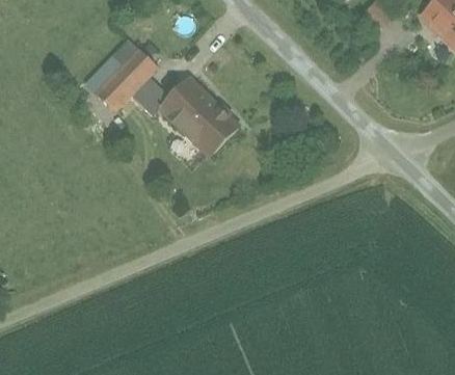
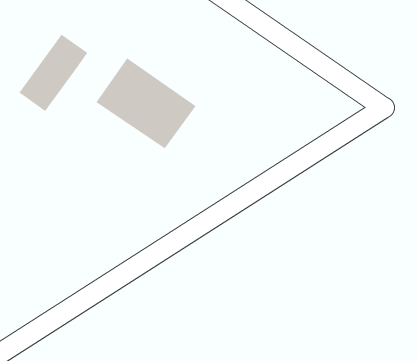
building: [129,76,168,114] -> none

